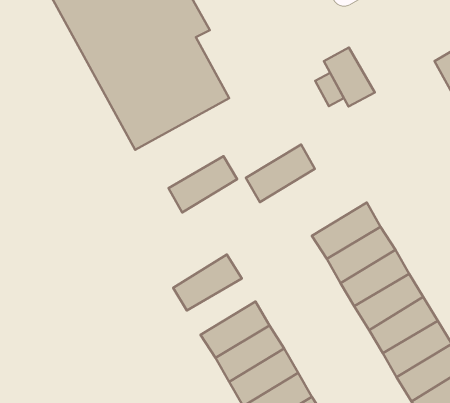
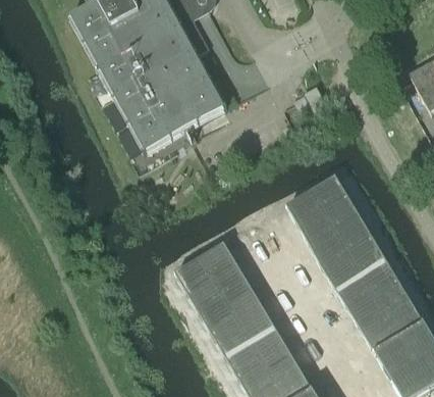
building: [324,47,375,106] -> none
building: [246,145,315,202] -> [287,177,348,228]
building: [169,156,237,212] -> [188,265,250,315]

